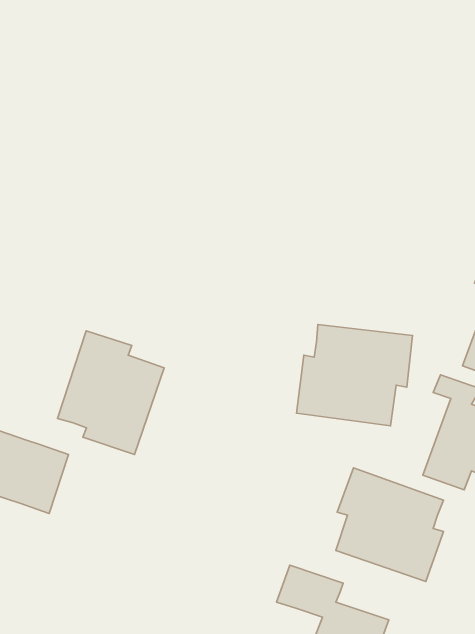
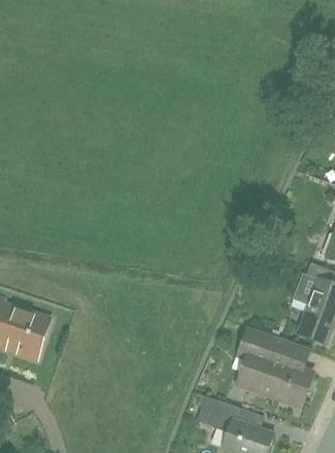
building: [296,325,413,426] -> none
building: [58,331,164,455] -> none

